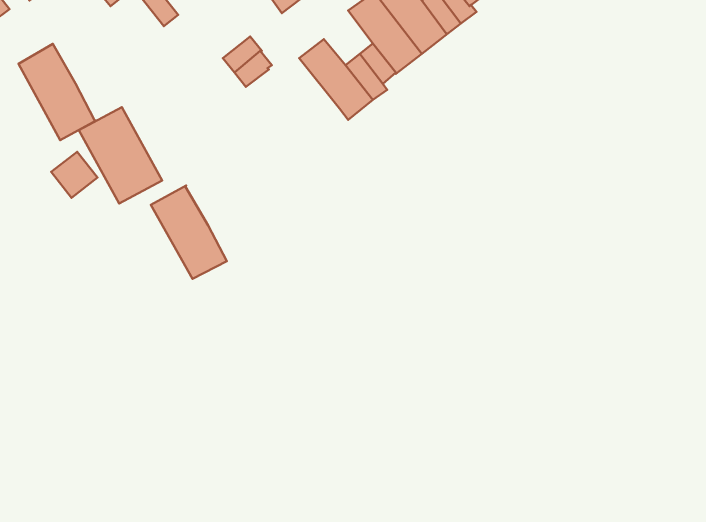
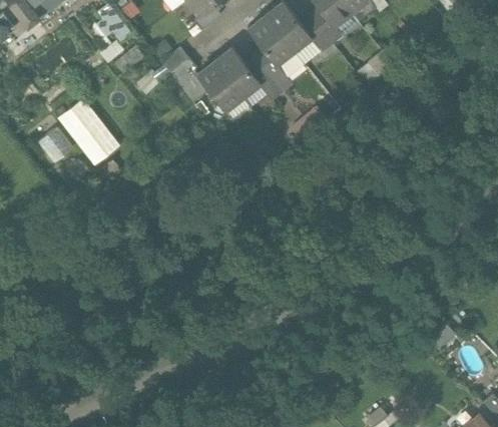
building: [18,44,96,140] -> none
building: none -> [195,63,241,112]
building: [151,185,227,279] -> none

